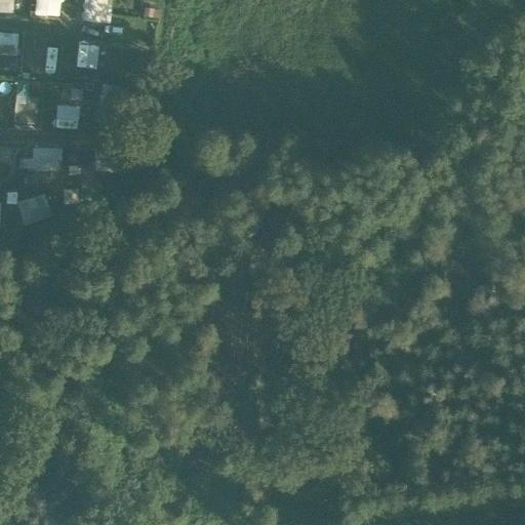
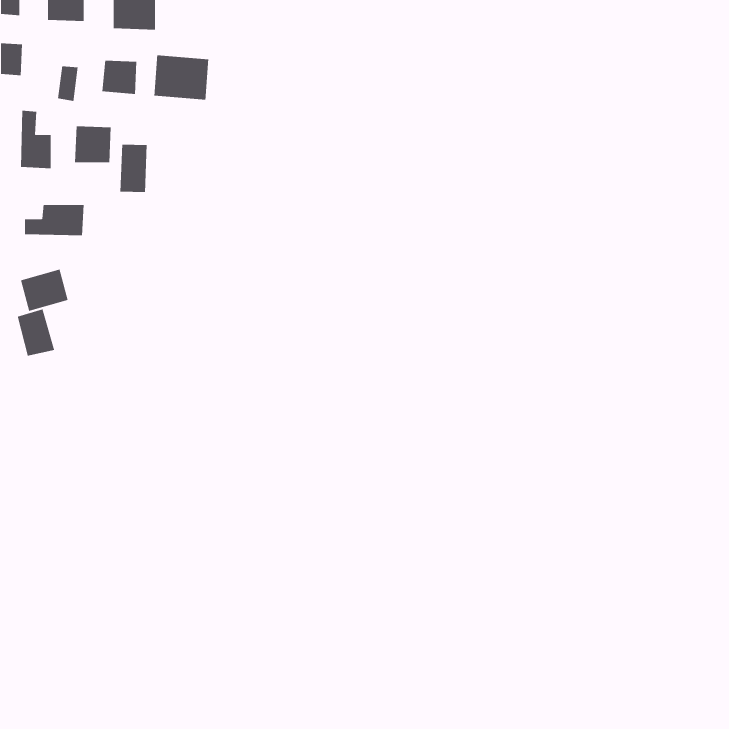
building: none -> [154,55,209,101]
building: none -> [120,144,147,193]
building: none -> [17,308,55,356]

